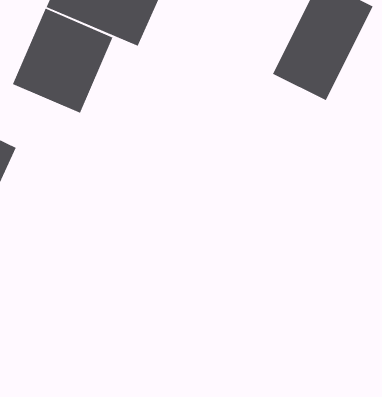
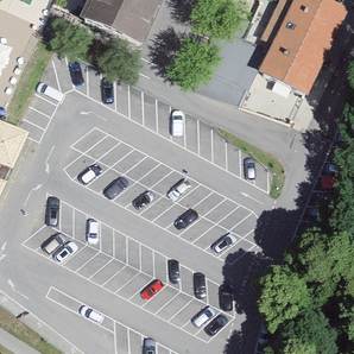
building: [12,8,114,114] -> none

